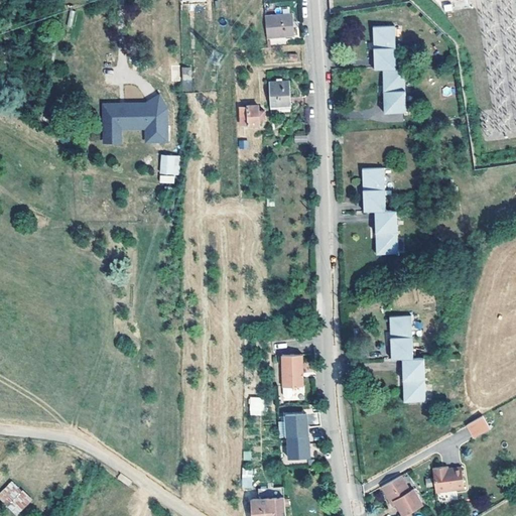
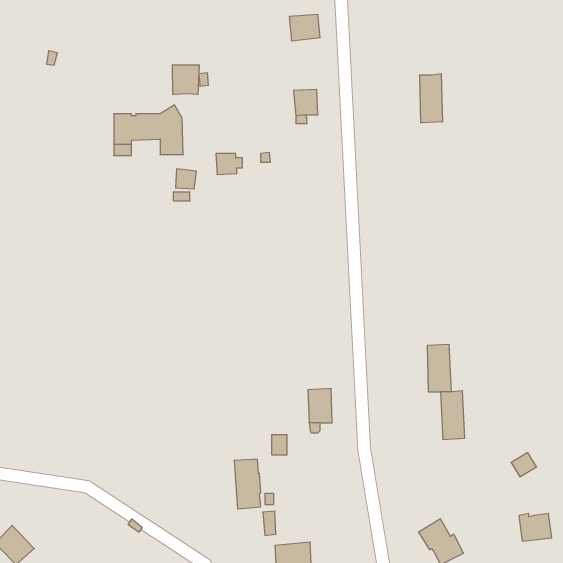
building: [374,26,394,70] -> none
building: none -> [173,65,199,95]
building: [239,106,263,125] -> [216,154,242,175]
building: [363,168,397,254] -> none
building: [284,411,308,457] -> [234,459,261,509]
building: [432,467,463,492] -> [519,513,552,541]

